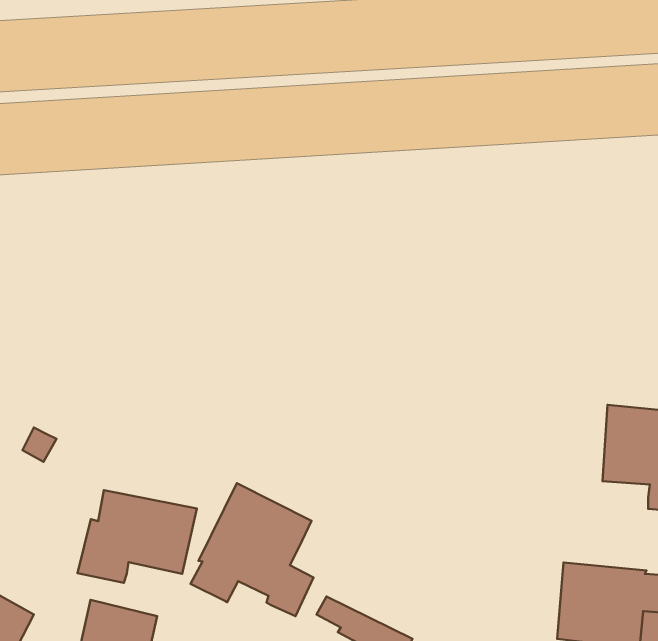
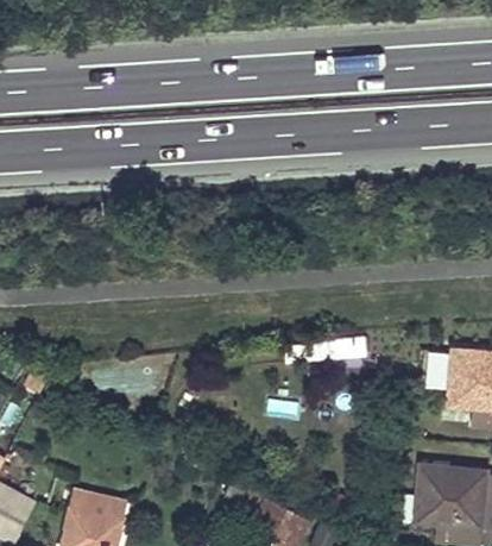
building: [191,483,313,616] -> none
building: [78,490,197,583] -> none

